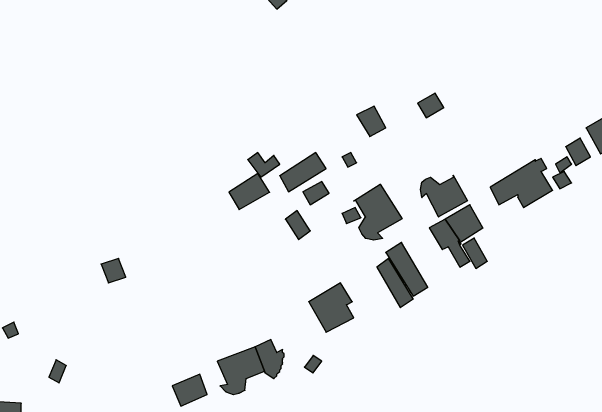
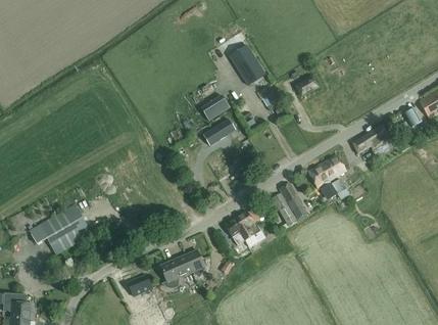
building: none -> [229,44,265,85]
building: [229,173,270,210] -> [201,94,230,120]
building: [420,175,467,217] -> none
building: [354,184,402,240] -> none
building: none -> [31,203,92,254]

